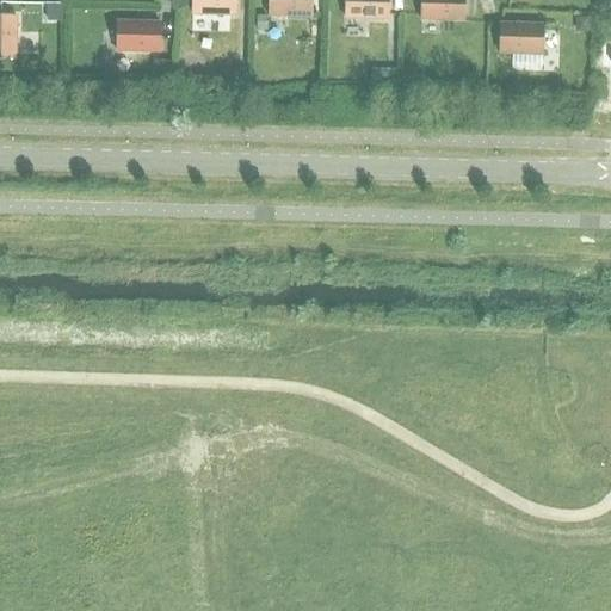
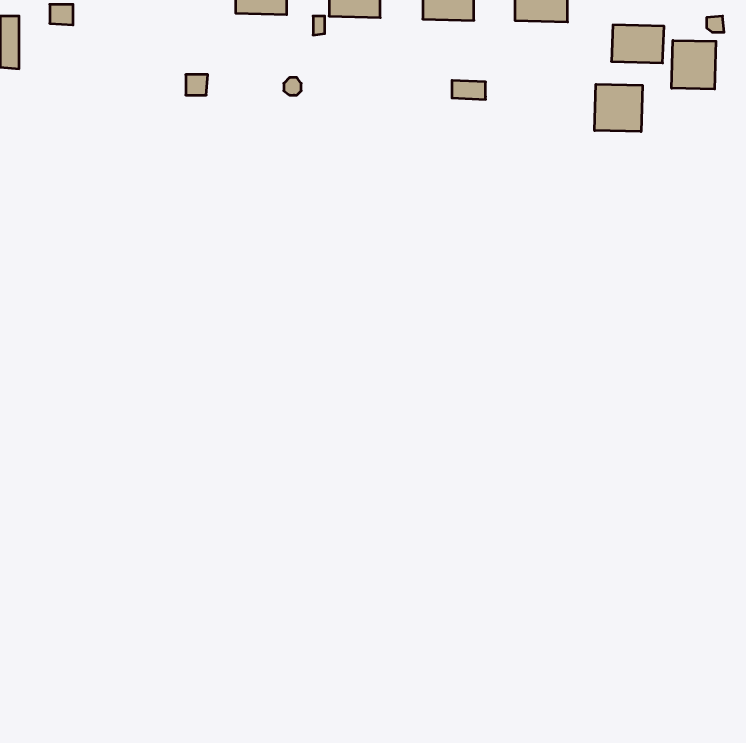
building: [117,18,160,49] -> none
building: none -> [672,40,716,89]
building: none -> [595,84,642,132]

